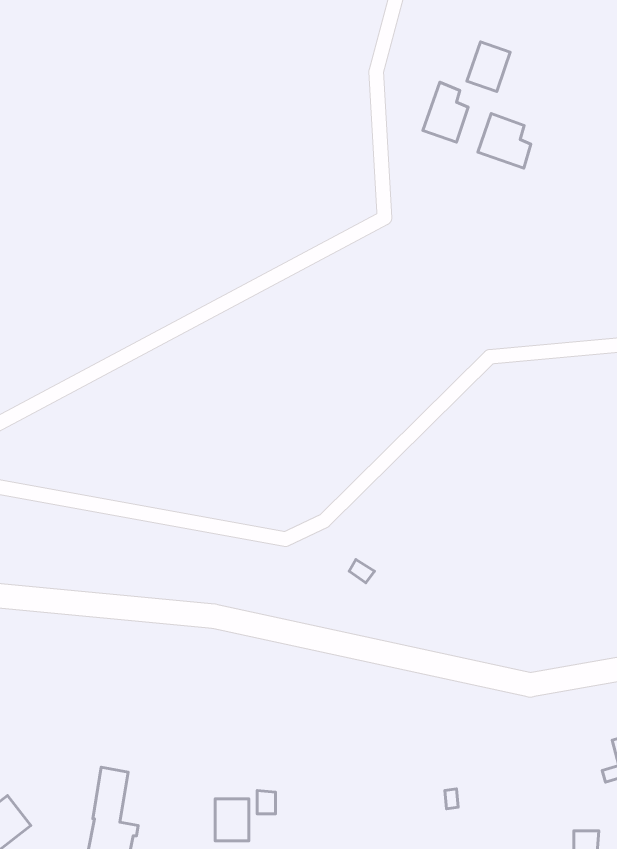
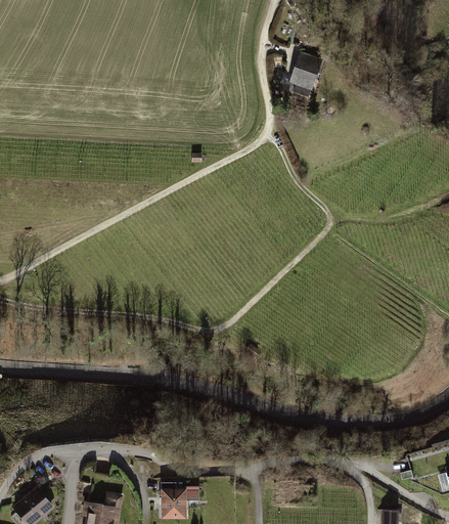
building: [467,42,510,91] -> none
building: [478,114,531,168] -> none

